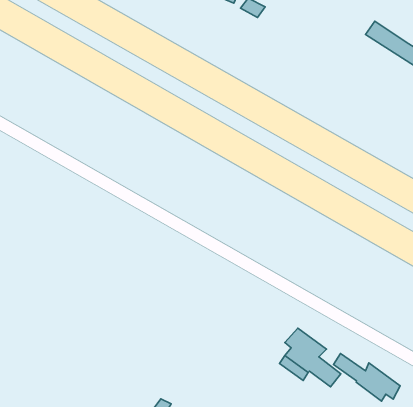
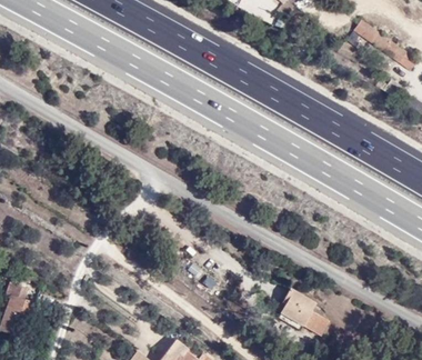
building: [333,353,400,401] -> none

